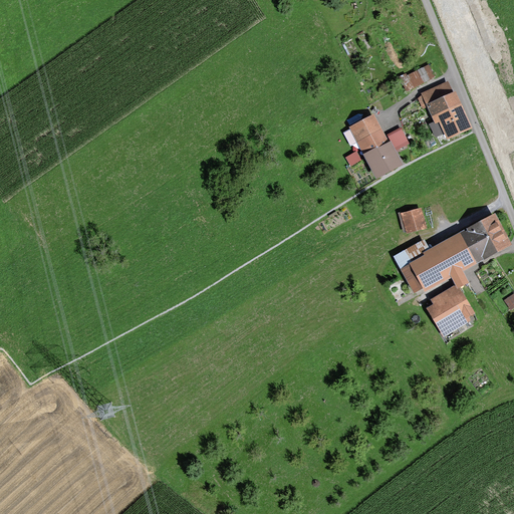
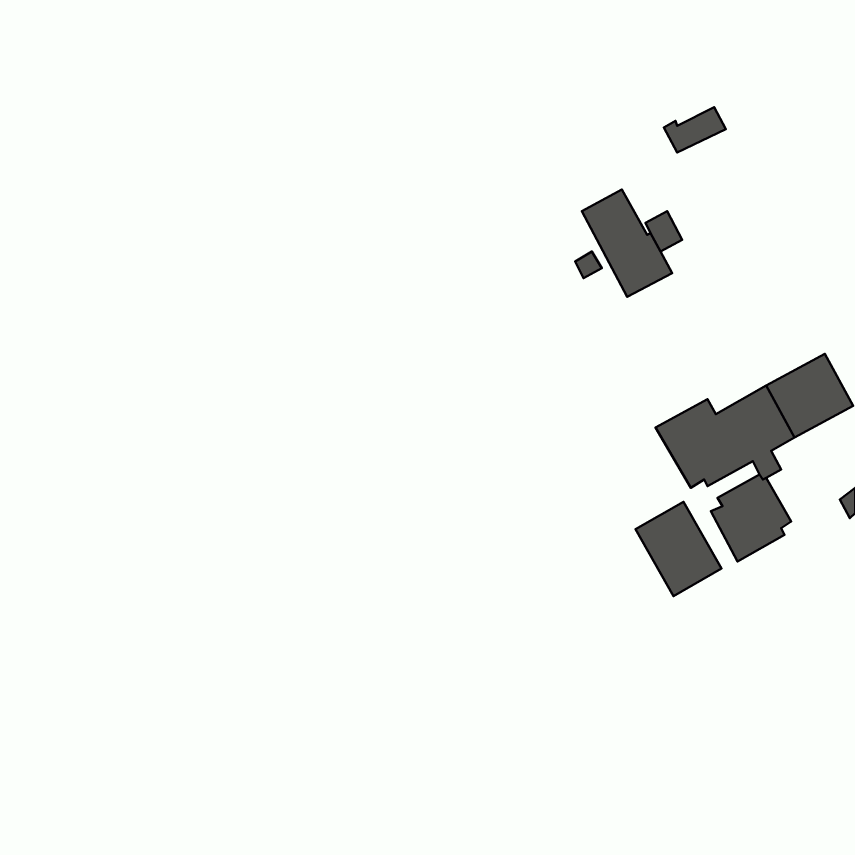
building: [417,81,472,141] -> none
building: [397,208,426,234] -> none
building: none -> [636,502,721,596]

